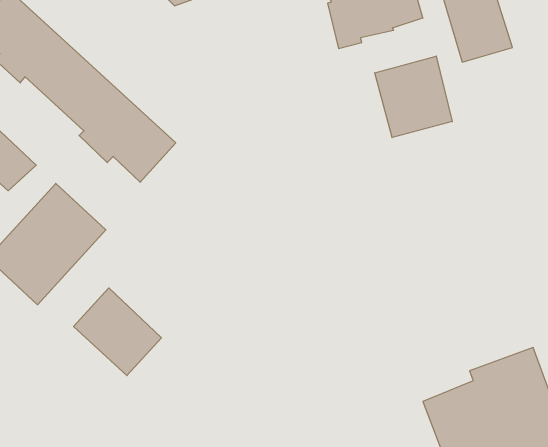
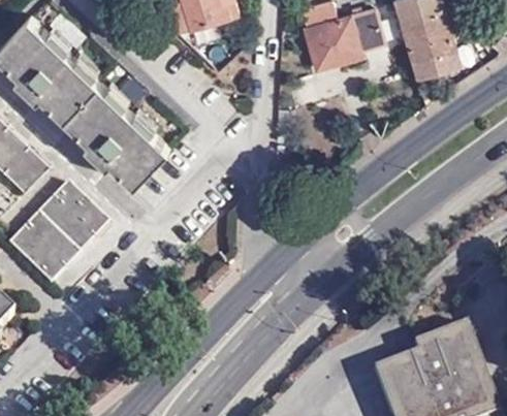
building: [375,56,452,138] -> none
building: [74,288,161,376] -> none

